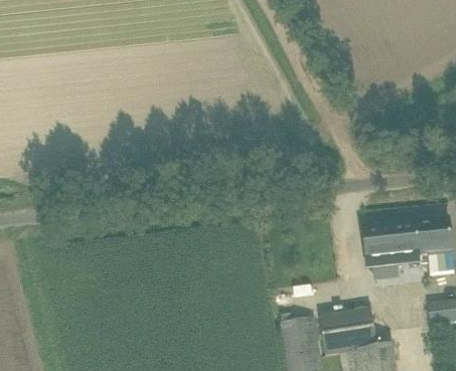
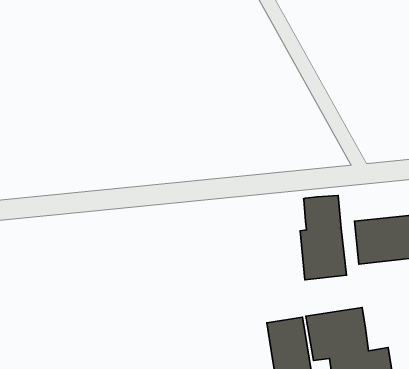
building: none -> [300,196,346,280]

